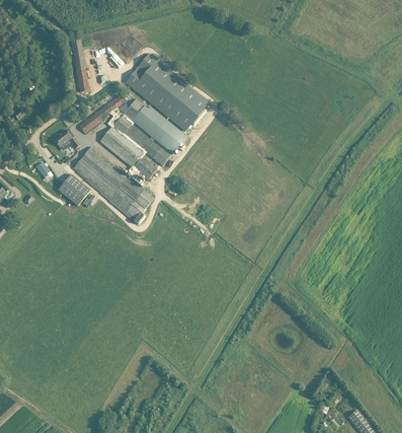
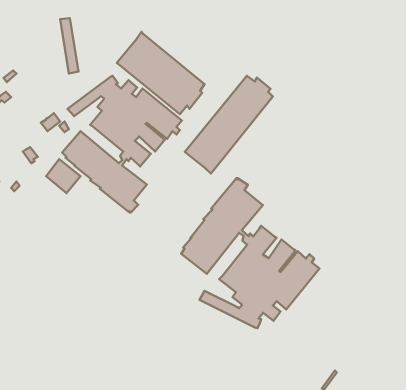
building: none -> [185,76,273,174]
building: none -> [181,178,319,328]

